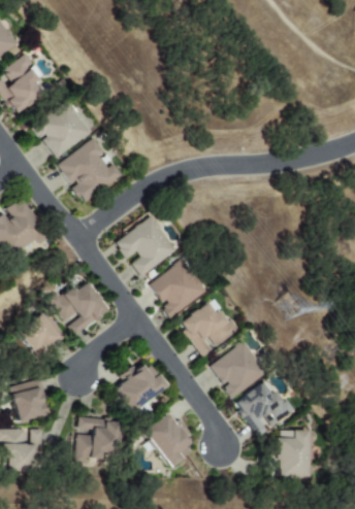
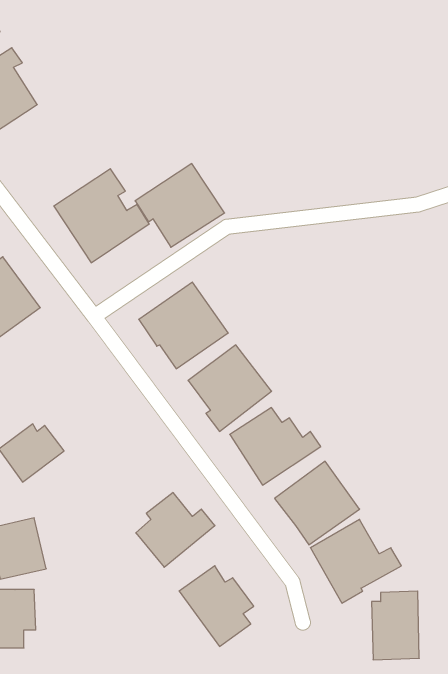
building: [31,100,93,158] -> [135,164,225,247]
building: [49,279,109,335] -> none
building: [74,416,119,464] -> none

